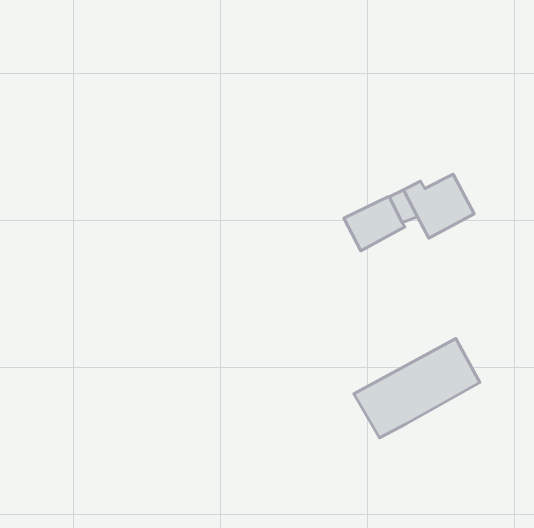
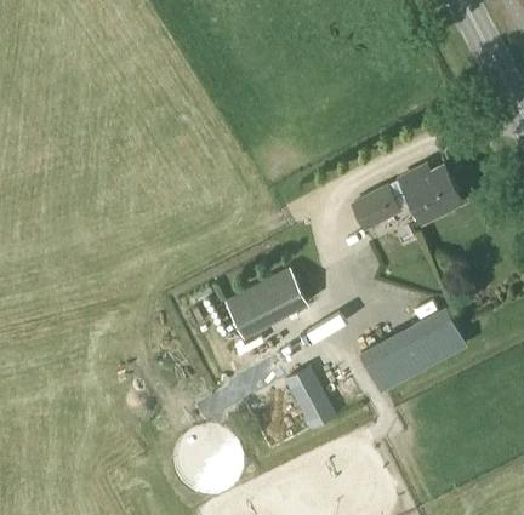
building: none -> [226,273,308,341]
building: none -> [284,366,336,430]

